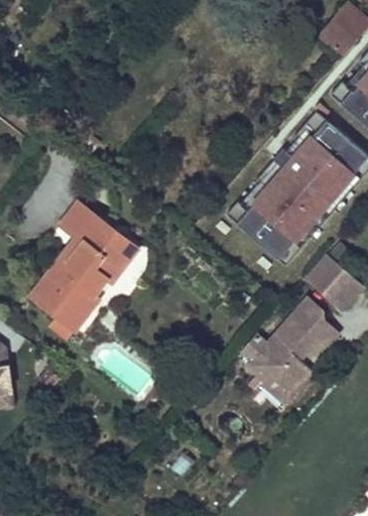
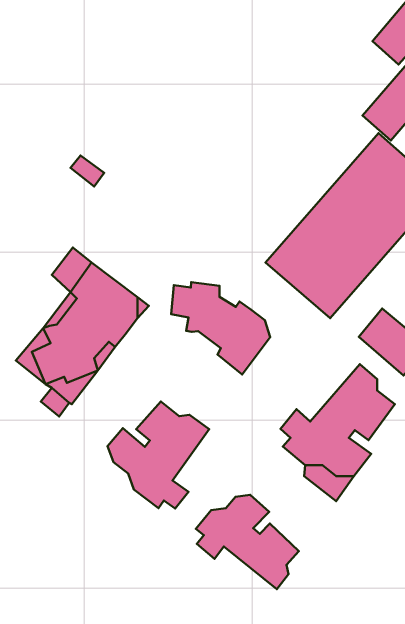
building: none -> [171,282,270,374]
building: none -> [108,401,209,509]
building: none -> [196,495,299,589]

